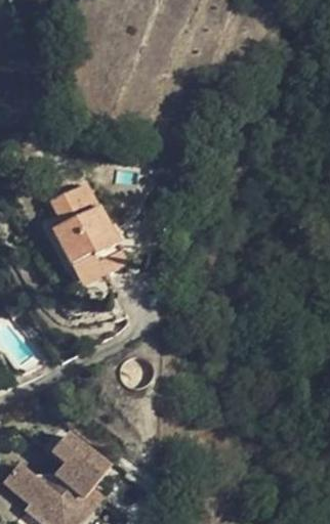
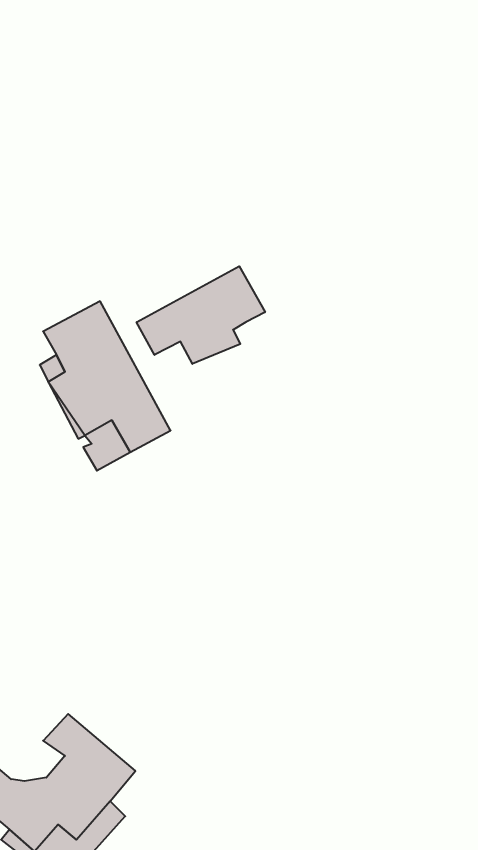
building: none -> [137,266,265,364]

